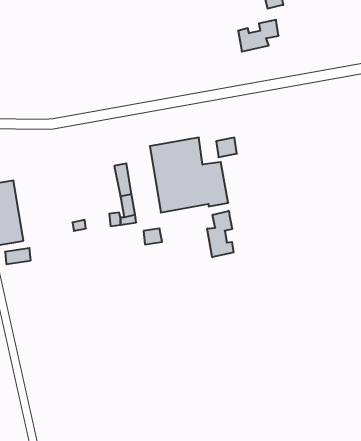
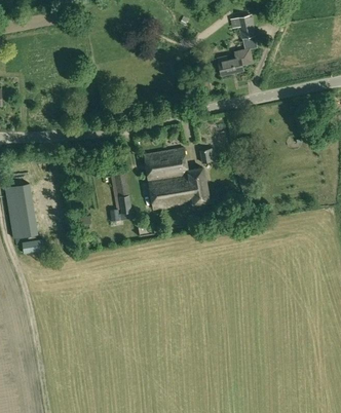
building: [207,211,234,257] -> none

